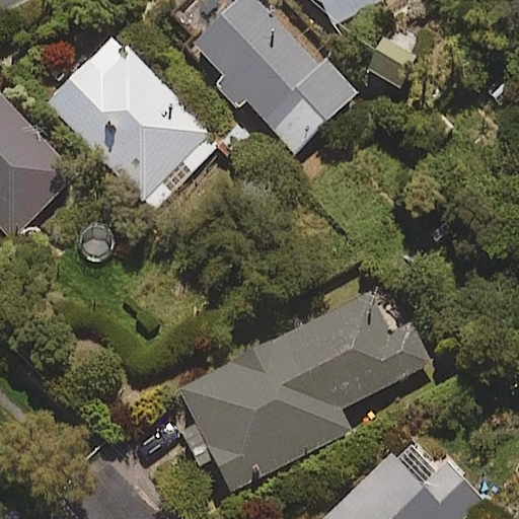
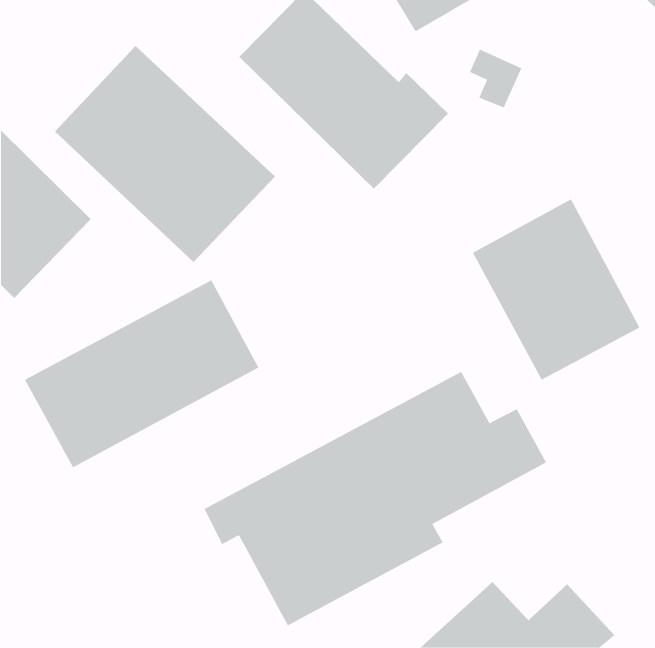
building: none -> [472,198,640,381]
building: none -> [24,279,259,468]

